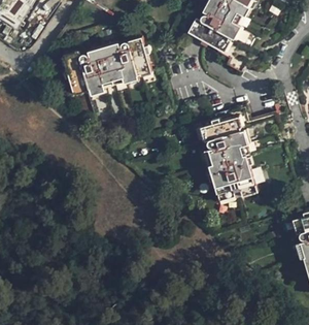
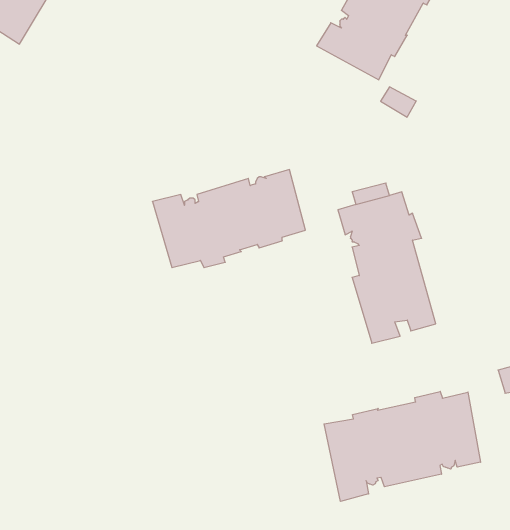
building: [61,37,149,94] -> [152,170,305,268]
building: none -> [324,391,481,501]

